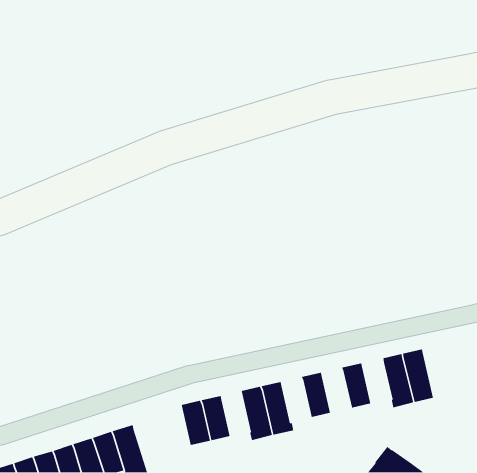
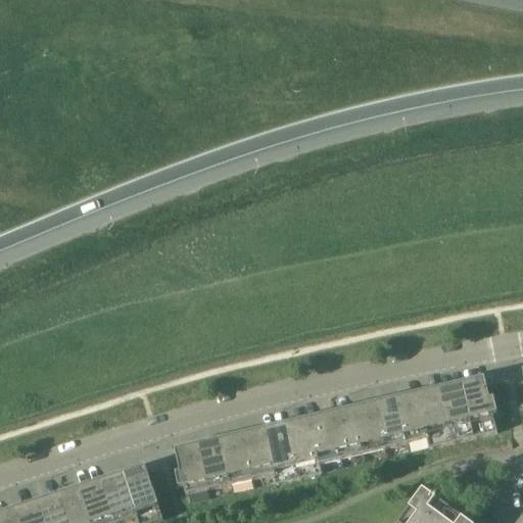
building: none -> [461,374,496,434]
building: none -> [394,390,427,440]
building: none -> [350,400,383,450]
building: none -> [306,411,339,461]
building: none -> [241,426,273,476]
building: none -> [174,441,207,491]

